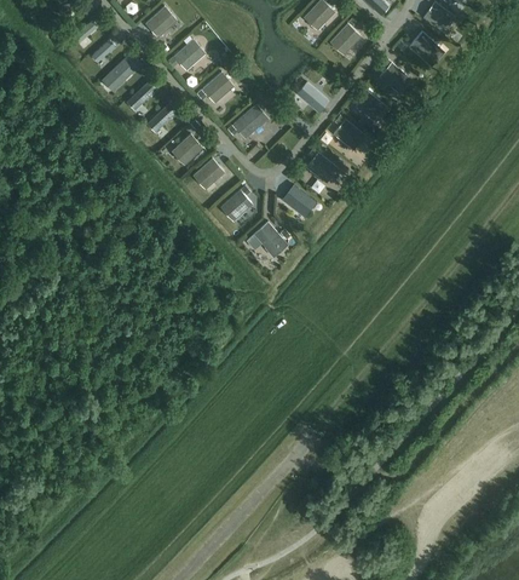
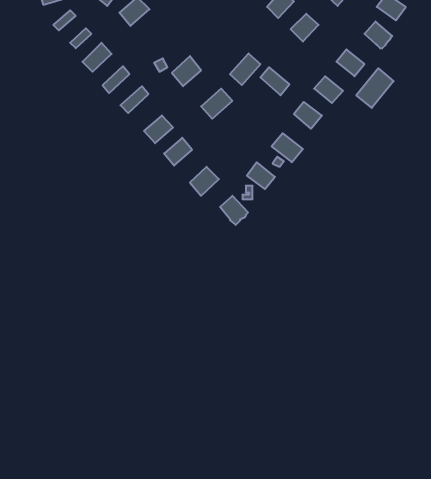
building: [173,38,206,70] -> none
building: none -> [230,53,260,85]
building: none -> [356,68,394,108]

